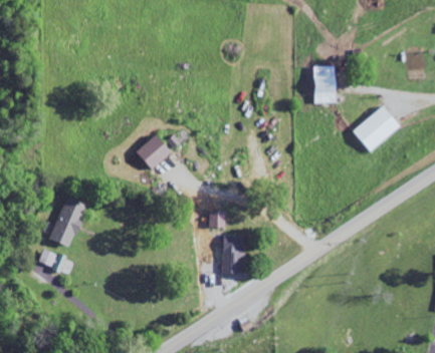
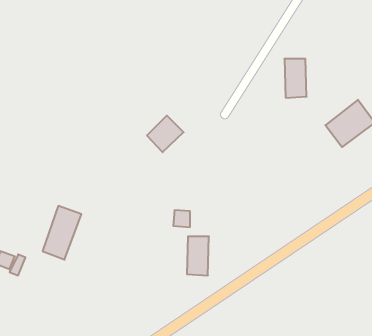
building: [136,134,171,169] -> [147,116,184,152]
building: [49,197,86,248] -> [43,206,81,260]

